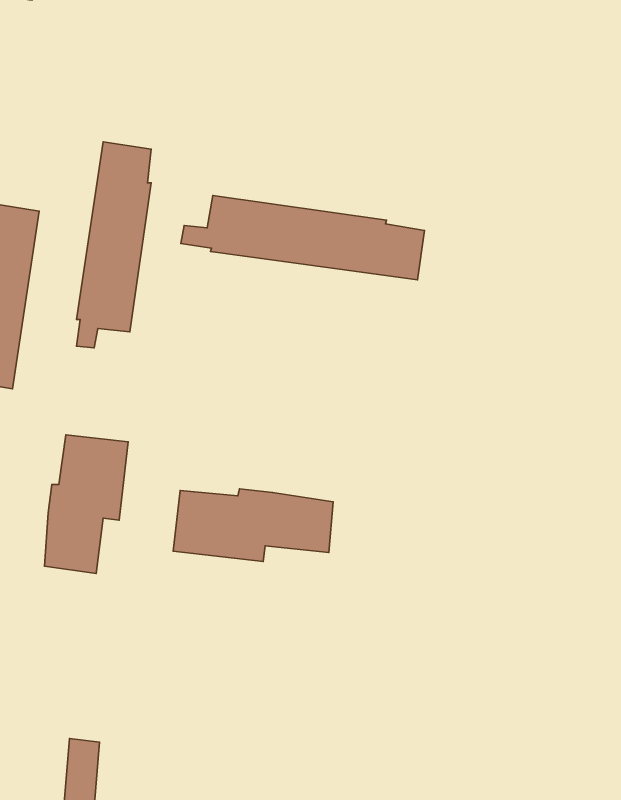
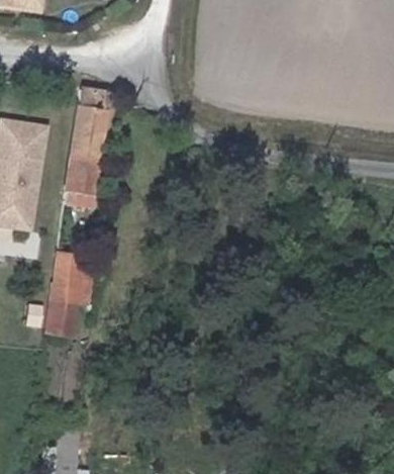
building: [181,195,424,280] -> none
building: [173,489,333,561] -> none

